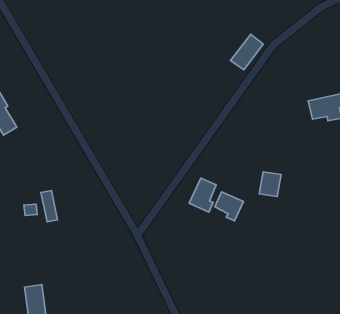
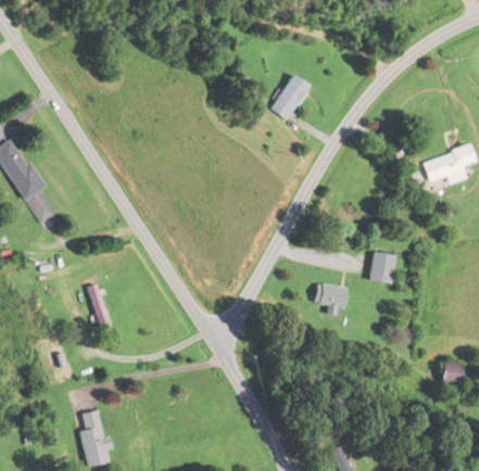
building: [231,34,263,70] -> [272,74,312,119]
building: [189,178,216,212] -> none
building: none -> [441,360,462,387]

